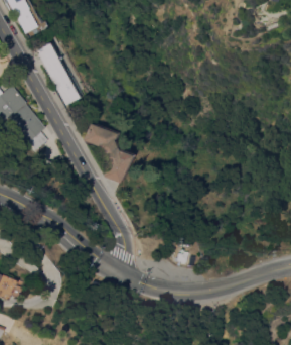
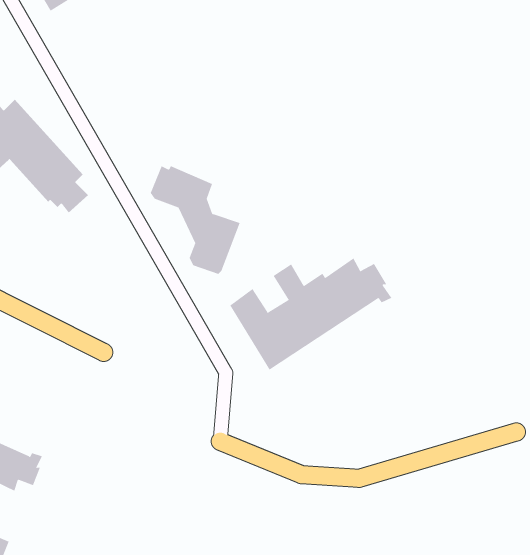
building: [33,41,82,105] -> none
building: none -> [229,258,392,370]

